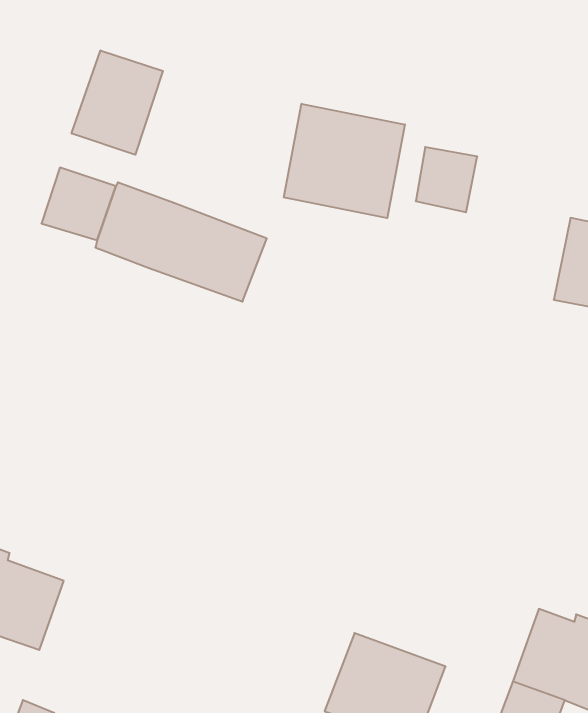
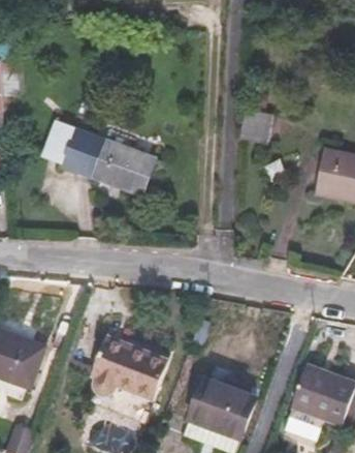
building: [72,50,163,155] -> none
building: [284,104,405,218] -> none
building: none -> [92,338,167,398]

